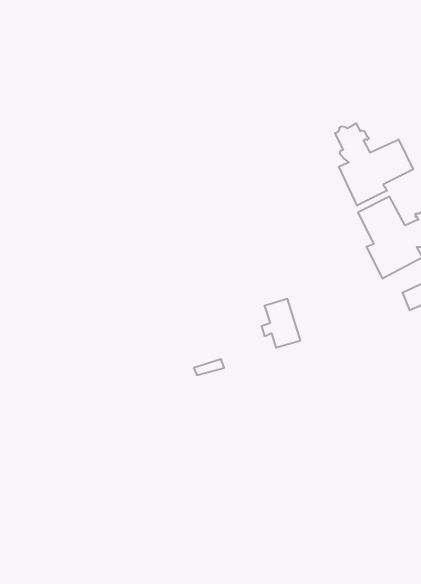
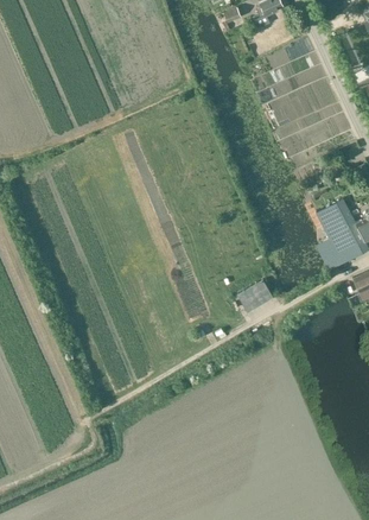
building: [335,123,413,206] -> none

